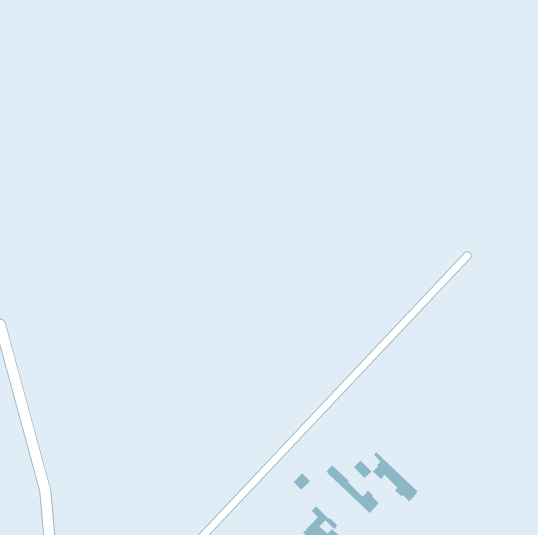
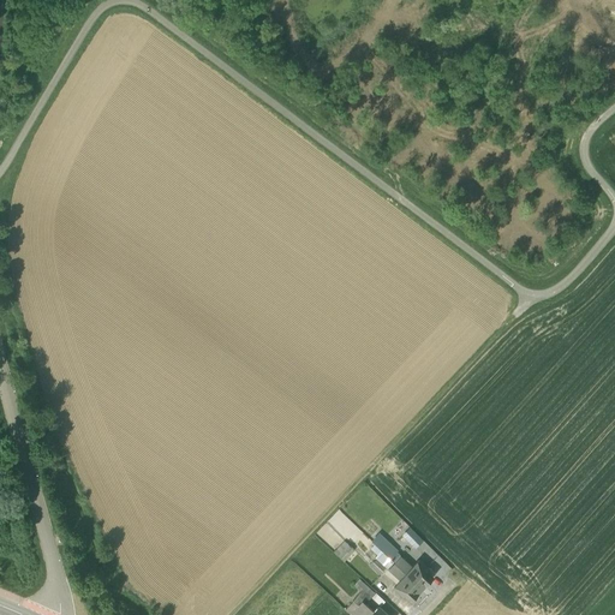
building: [372,451,419,502] -> [370,544,423,602]

